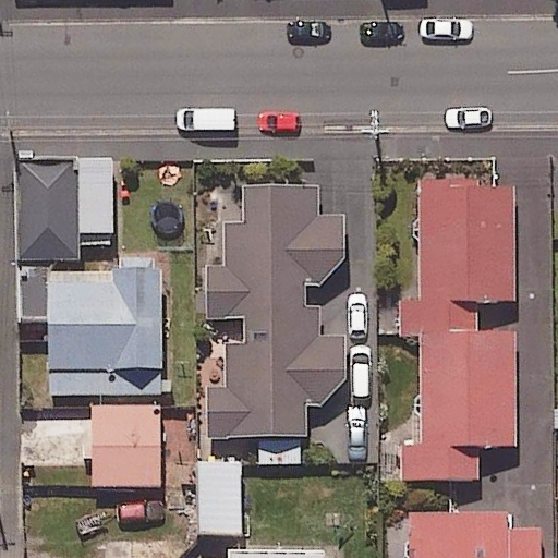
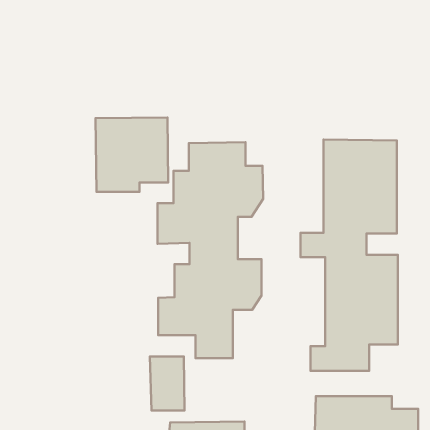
building: [20,162,113,258] -> [96,117,168,192]
building: [20,255,163,395] -> none
building: [41,405,160,487] -> none

